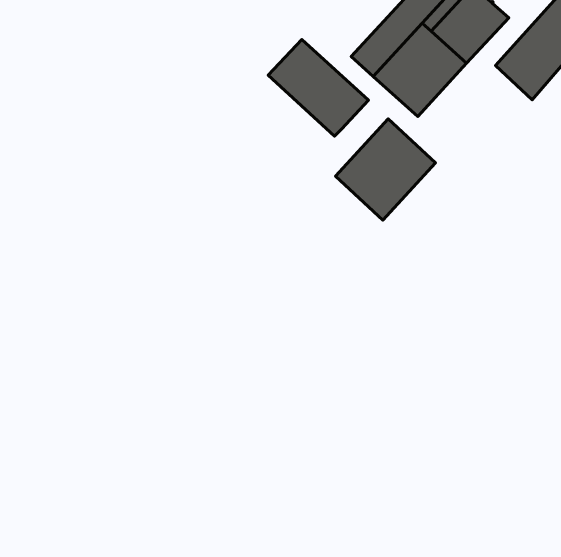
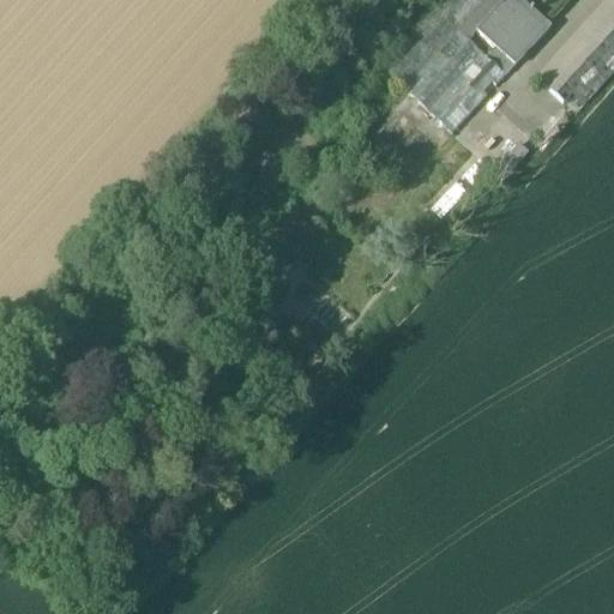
building: [268,39,368,136] -> none
building: [336,119,436,220] -> none

